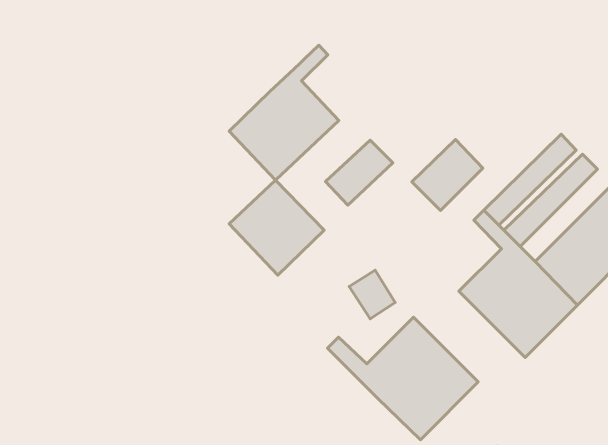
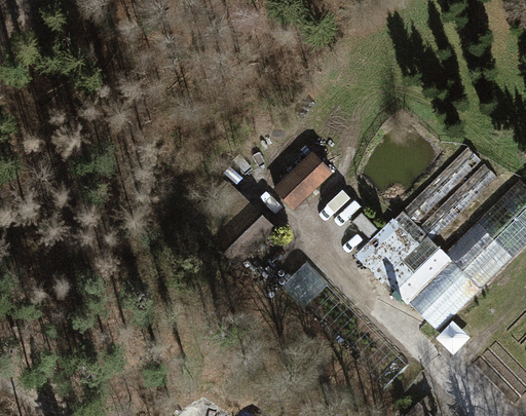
building: [229,45,339,180] -> none
building: [412,139,483,211] -> [360,219,418,277]
building: [328,317,478,440] -> none

